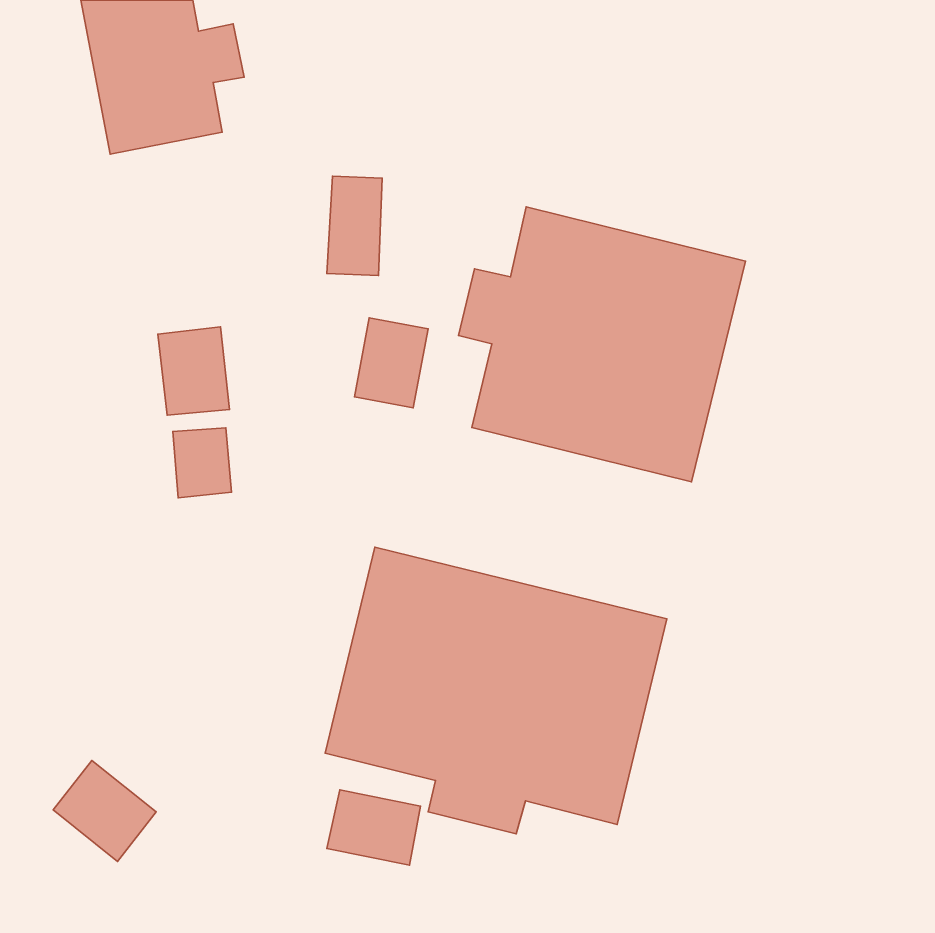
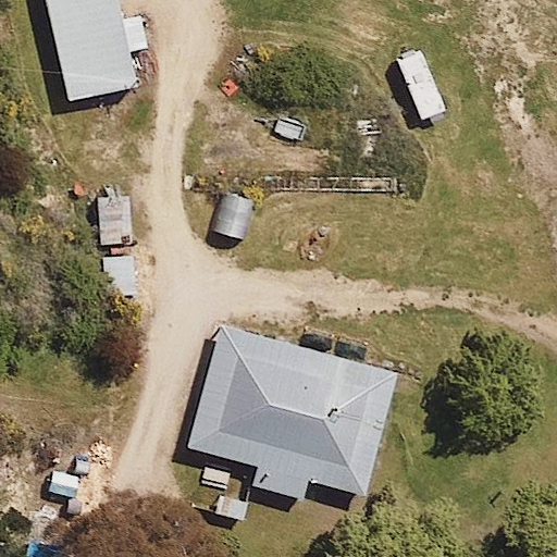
building: [459,207,746,482] -> none

